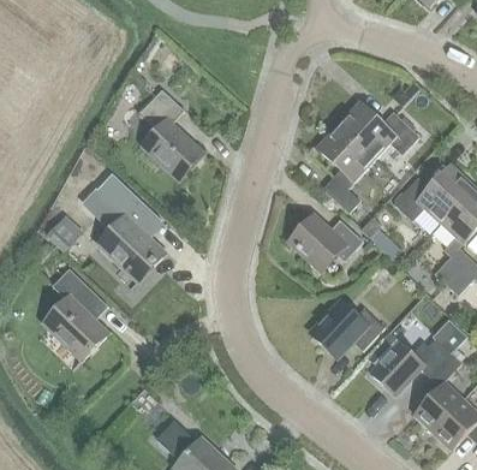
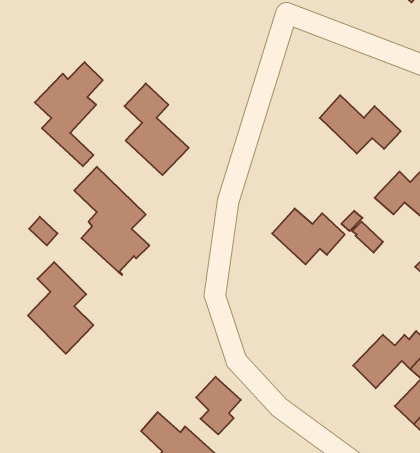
building: none -> [35,62,103,166]
building: [316,123,375,212] -> none
building: [311,304,384,357] -> none
building: none -> [196,377,241,434]

